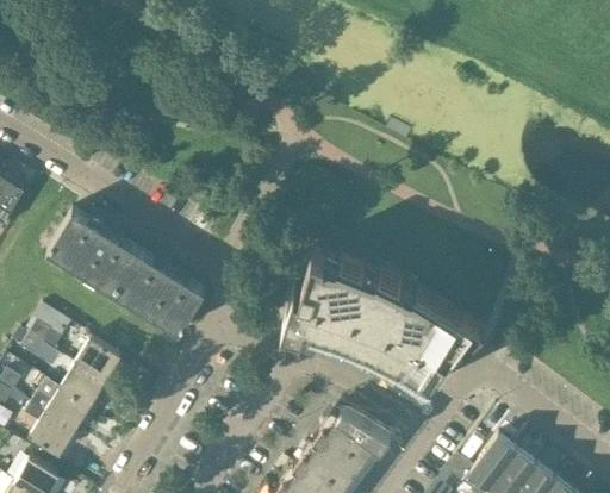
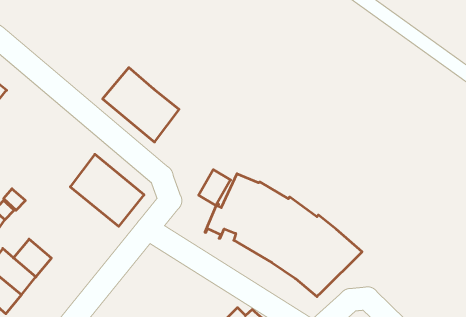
building: [46,213,139,298] -> [103,68,179,142]
building: none -> [199,170,231,205]
building: [75,342,120,386] -> none

